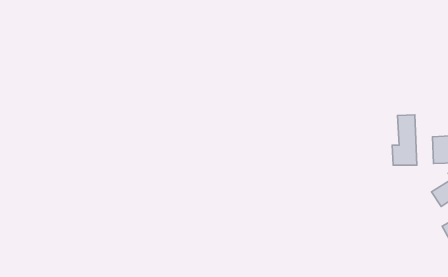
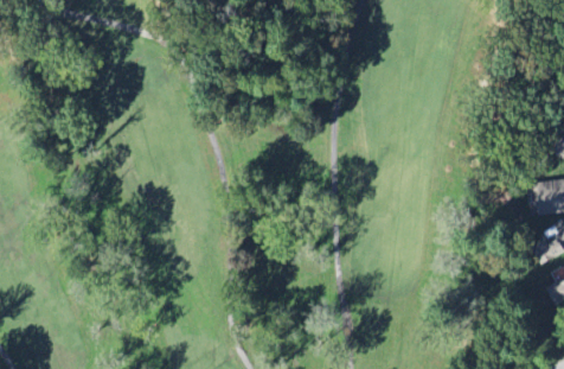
building: [392,115,417,165] -> none

